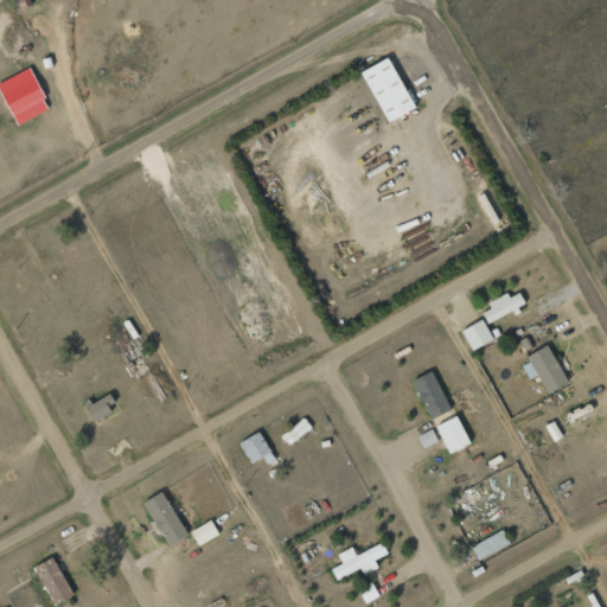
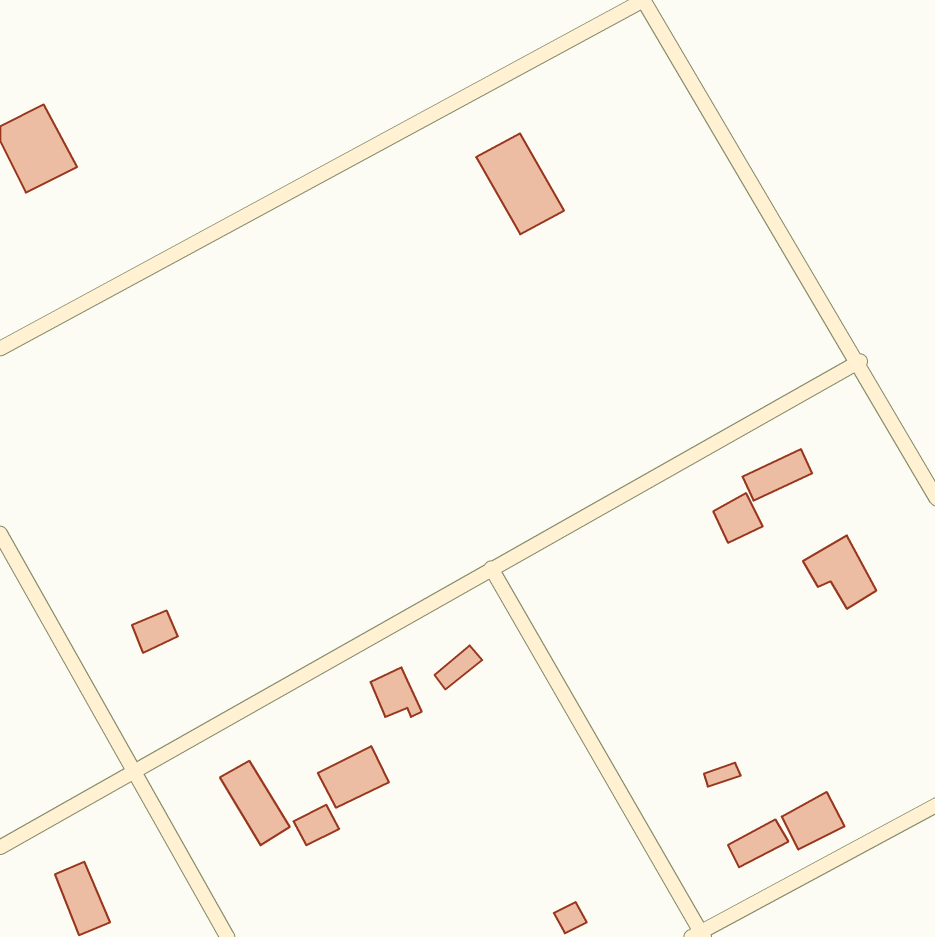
building: [360,57,417,122] -> [476,133,564,234]
building: [414,370,468,454] -> none
building: none -> [318,746,389,808]
building: none -> [782,792,844,850]
building: [332,543,389,580] -> none

